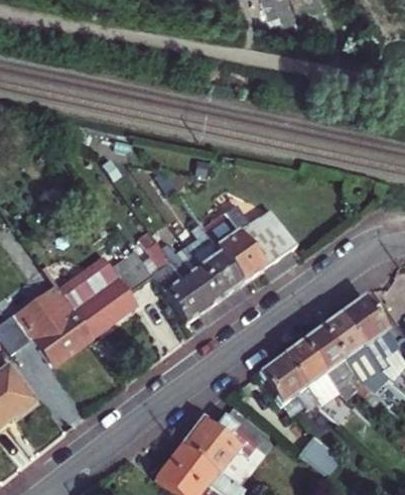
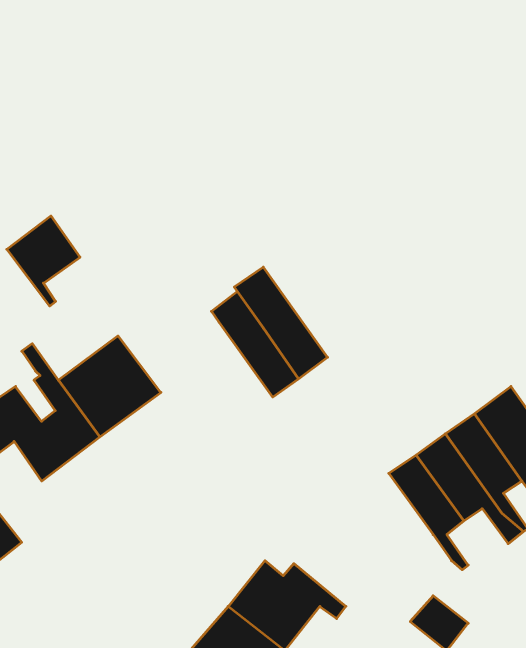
building: [200,207,297,280] -> none
building: [105,244,153,303] -> [7,216,80,306]
building: [157,257,207,320] -> none
building: [259,357,312,408] -> none

